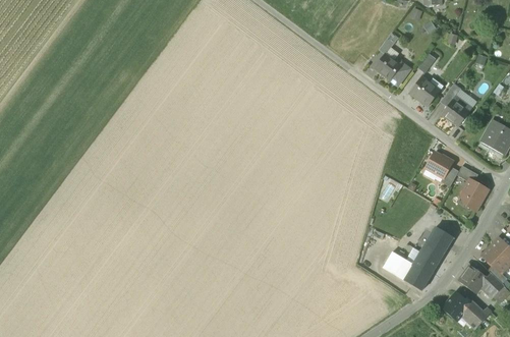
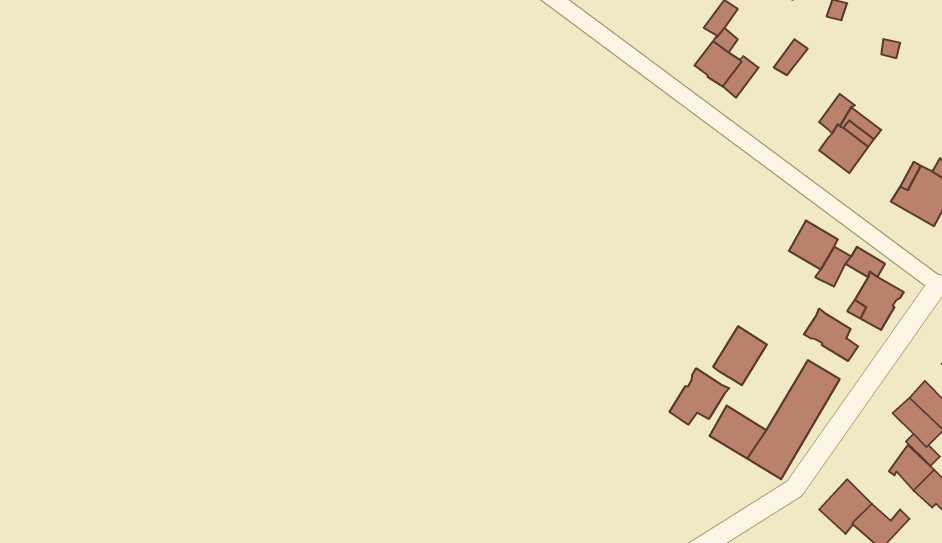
building: [409,76,440,106] -> none
building: none -> [804,309,858,361]
building: none -> [713,326,767,385]
building: none -> [669,368,729,425]
building: [458,265,487,292] -> none

